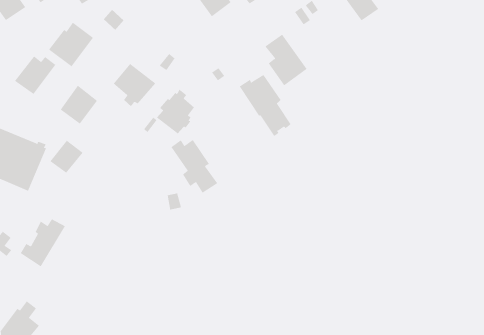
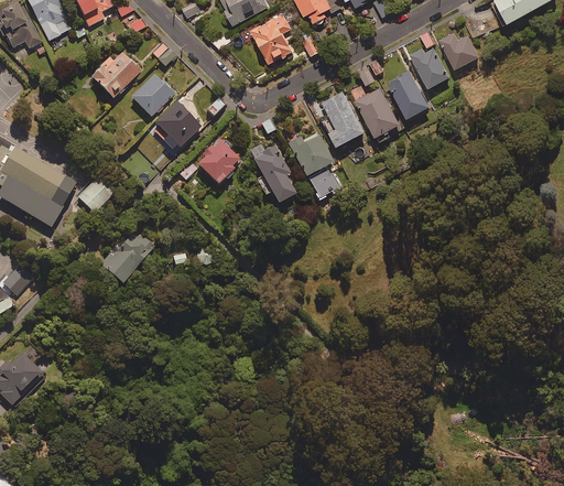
building: none -> [388,69,430,119]
building: none -> [356,87,400,144]
building: [14,56,56,95] -> none
building: [60,85,98,124] -> [131,74,173,117]
building: [171,139,218,193] -> [249,143,295,204]
building: [20,219,66,267] -> [101,235,154,285]

